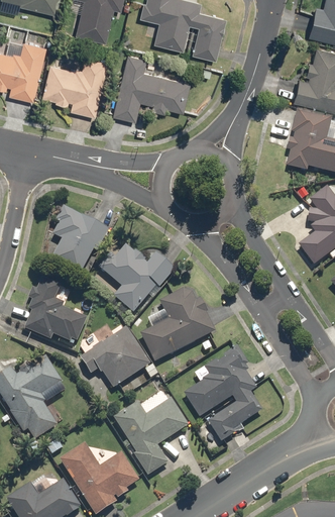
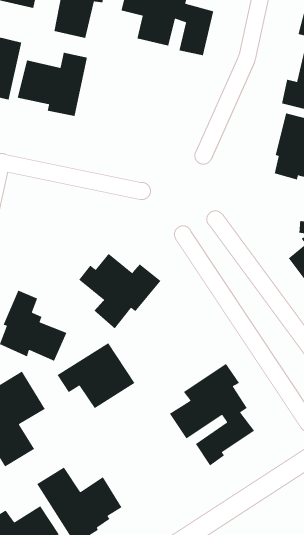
building: [112,50,191,119] -> none
building: [51,204,110,272] -> none
building: [140,288,216,360] -> none
building: [112,397,190,476] -> none

